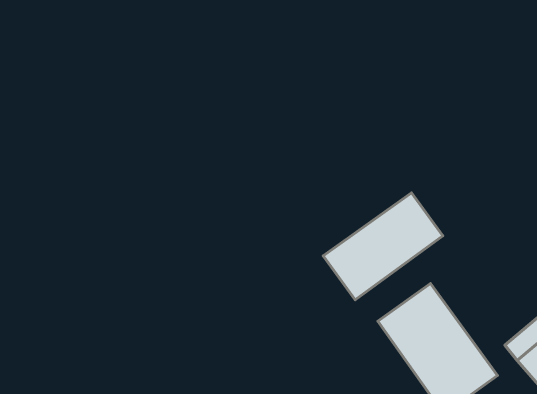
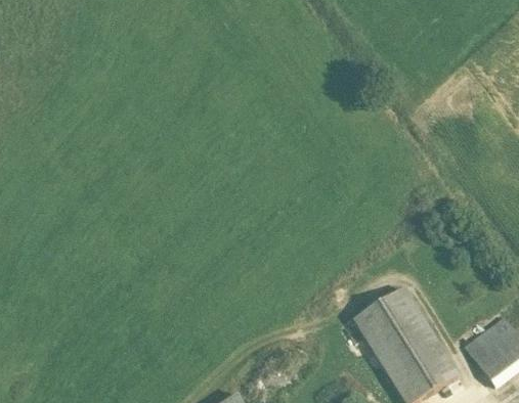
building: [323,193,443,300] -> none

